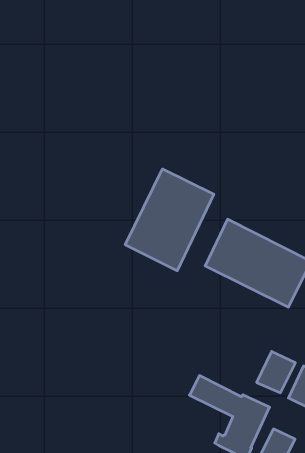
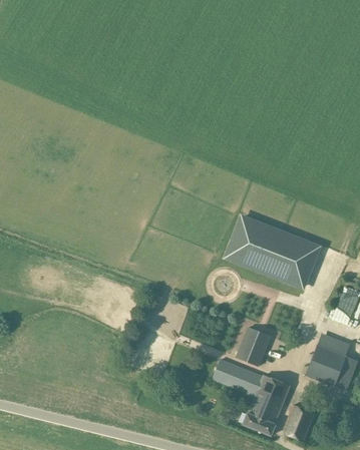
building: [125,169,214,271] -> none
building: [257,351,295,393] -> [236,326,271,364]

